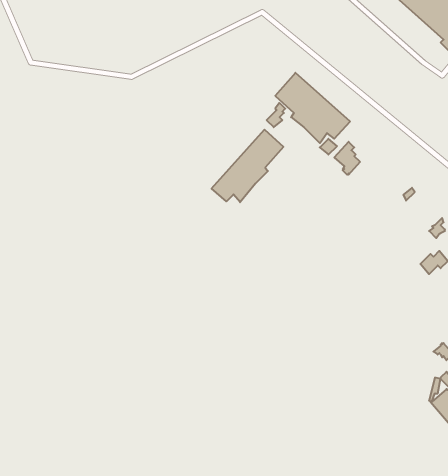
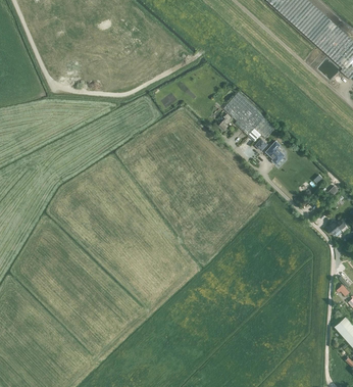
building: [212,130,283,202] -> none

